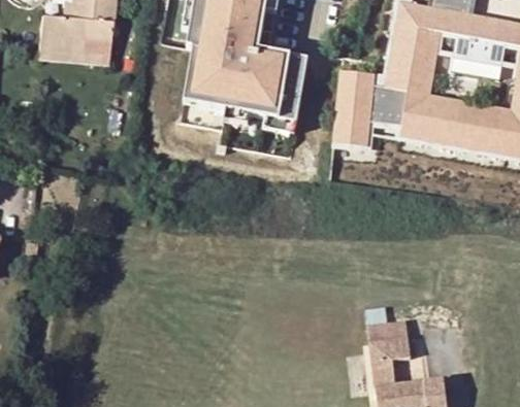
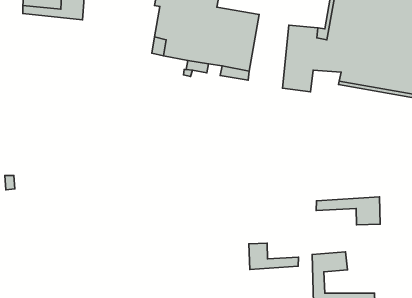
building: none -> [316,197,380,225]
building: none -> [249,243,298,270]

